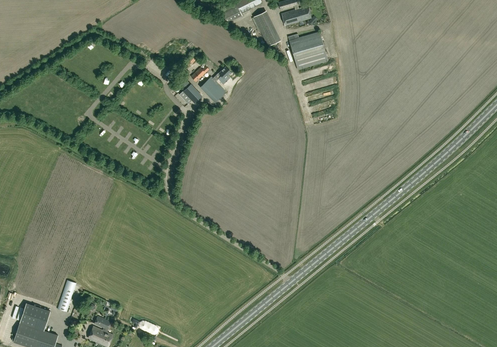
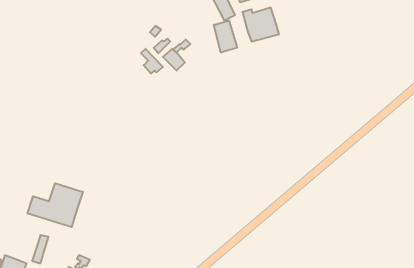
building: none -> [214,21,237,53]
building: none -> [28,183,83,227]

